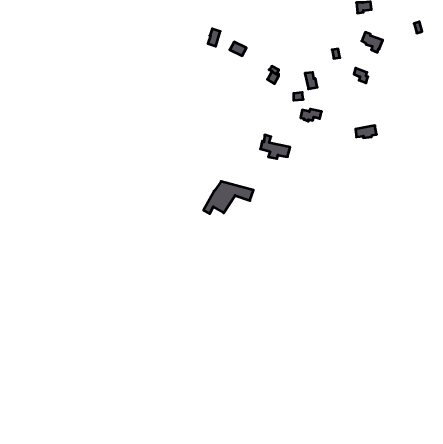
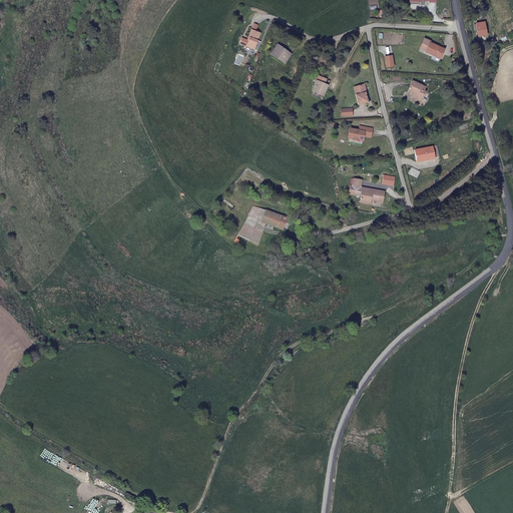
building: [260,135,290,159] -> [348,175,382,202]

